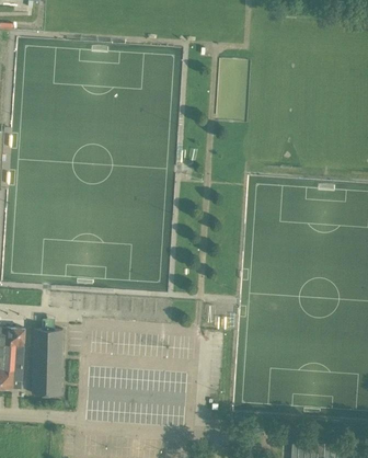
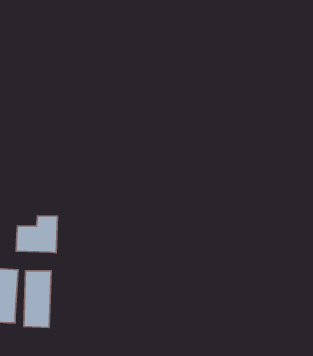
building: none -> [16,216,57,253]

